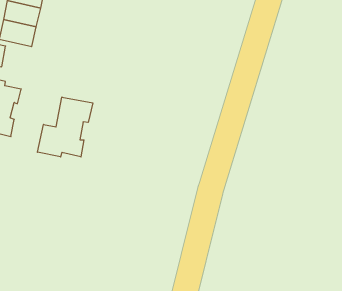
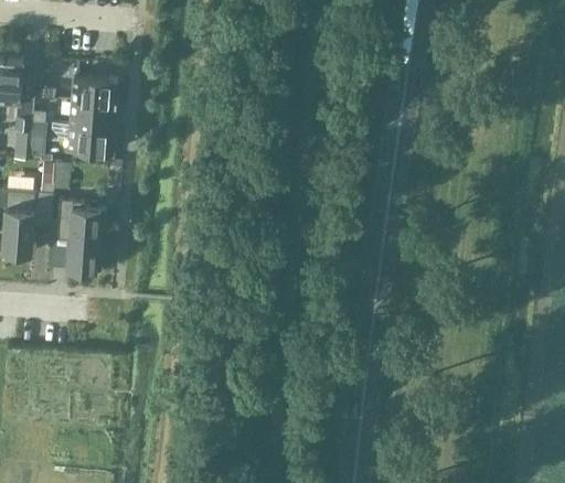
building: [37,97,93,157] -> none

